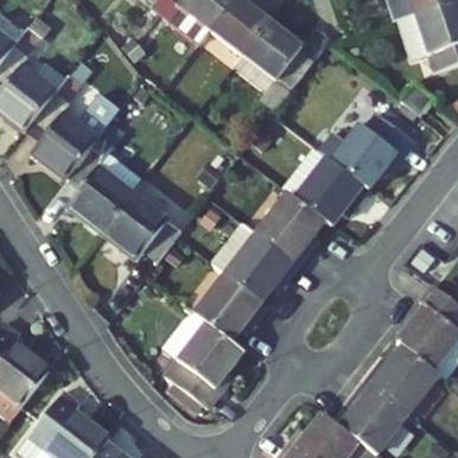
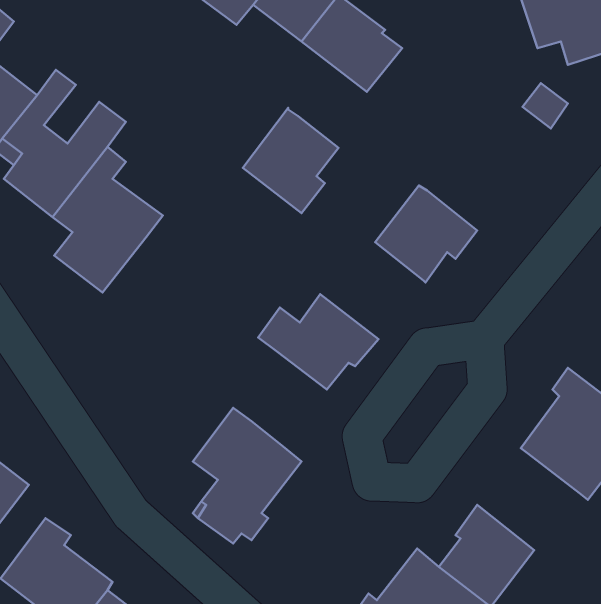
building: [332,110,413,186] -> none
building: [256,189,324,263] -> [243,108,338,213]
building: [102,191,182,260] -> none
building: [195,272,266,339] -> none
building: [368,344,440,413] -> none

